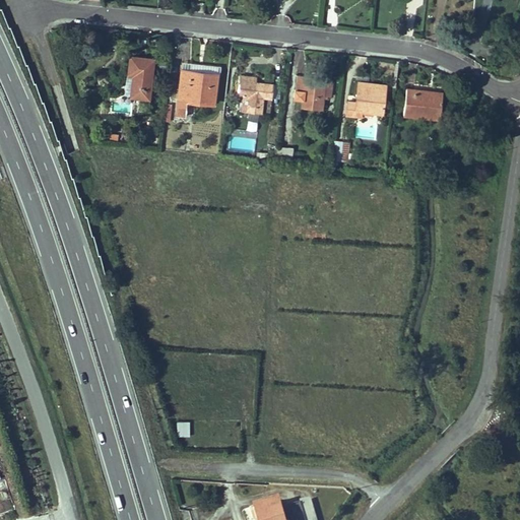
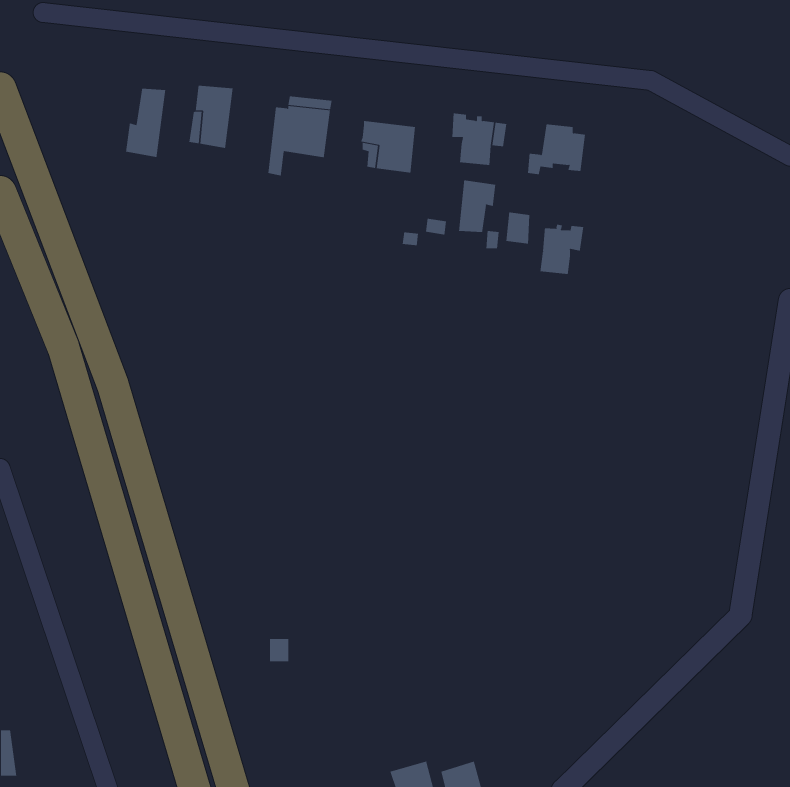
building: none -> [125,88,166,158]
building: [403,89,442,121] -> none
building: none -> [459,179,496,233]
building: none -> [540,224,584,275]

